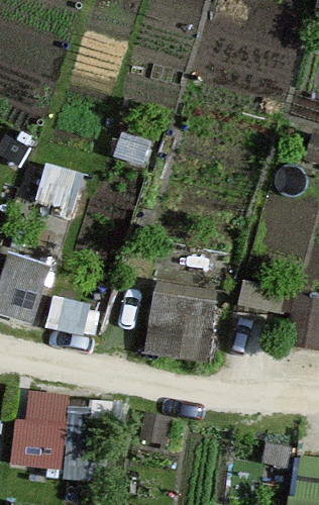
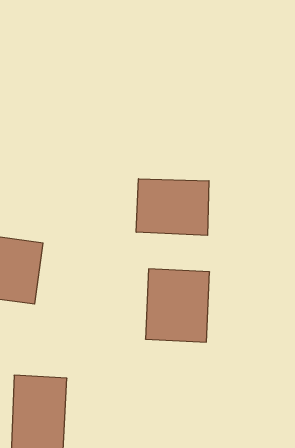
building: none -> [136,179,209,235]

